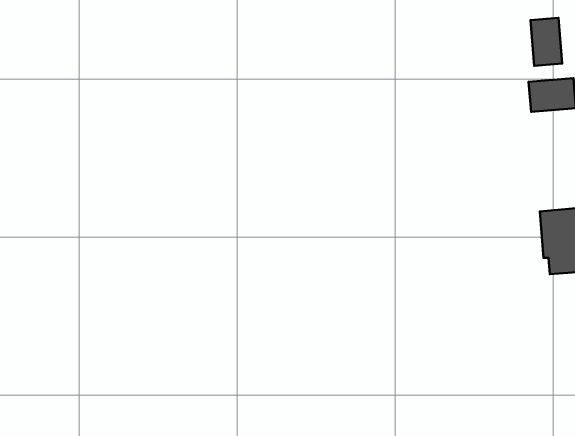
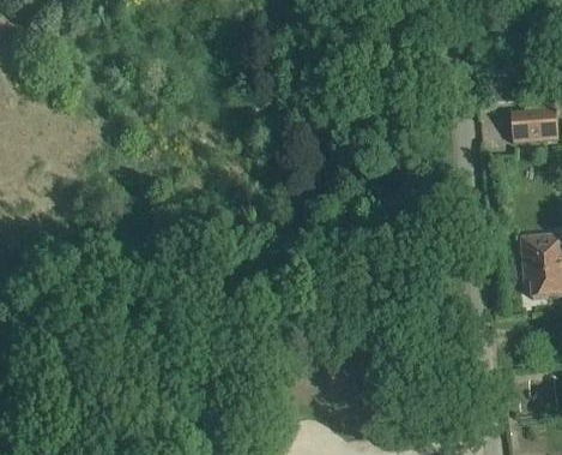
building: [531,18,562,66] -> none

